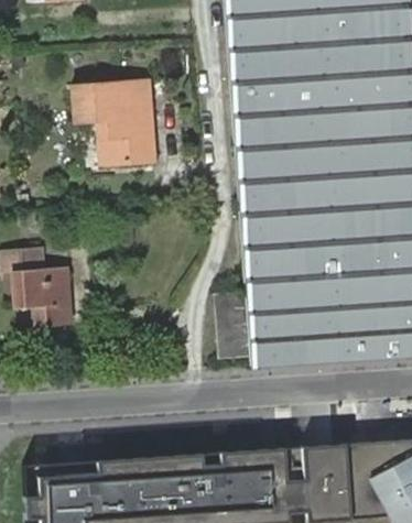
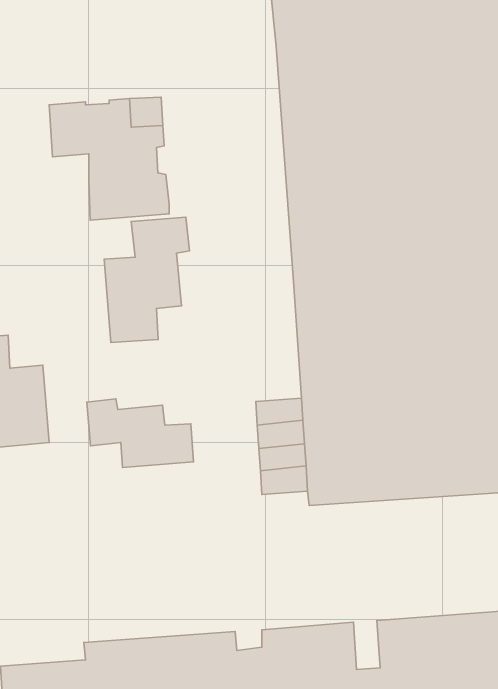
building: none -> [104,217,190,343]
building: none -> [87,399,194,468]

